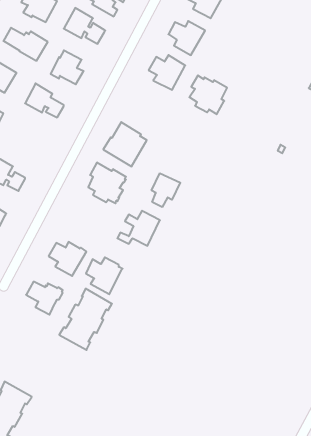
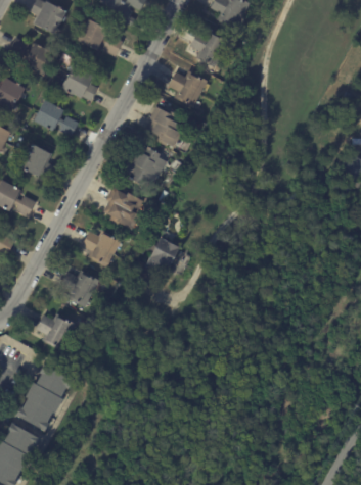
building: [189,75,227,114] -> [146,105,187,147]
building: none -> [20,144,53,179]
building: [152,173,180,207] -> none
building: [86,257,123,294] -> [81,228,121,268]
building: [59,289,112,350] -> [15,363,73,430]

